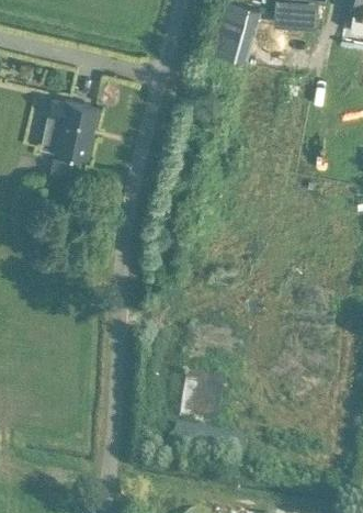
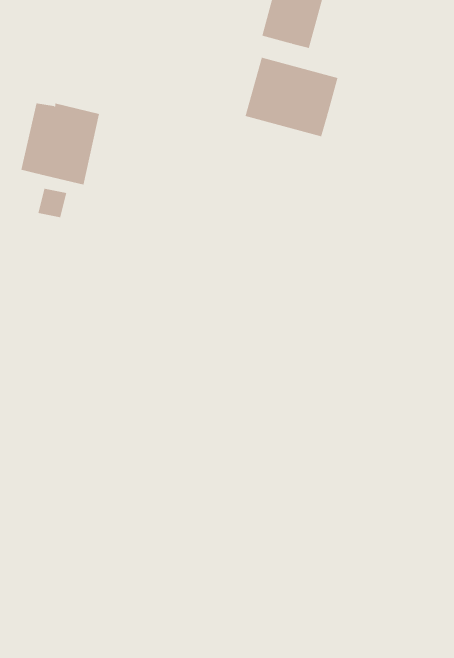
building: none -> [245,57,338,137]

